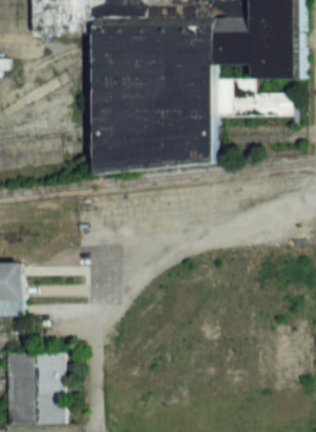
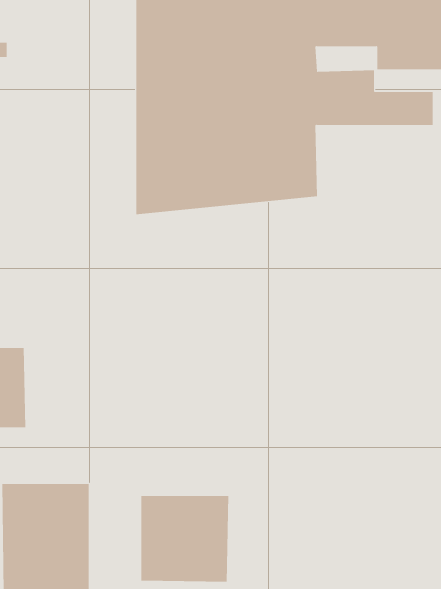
building: none -> [141,495,229,583]

